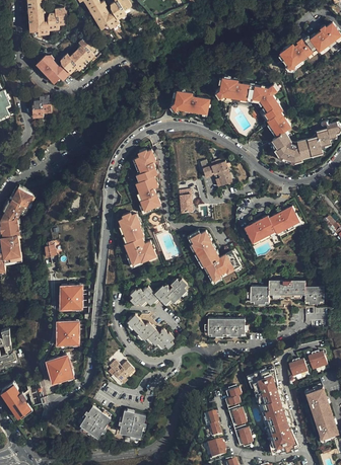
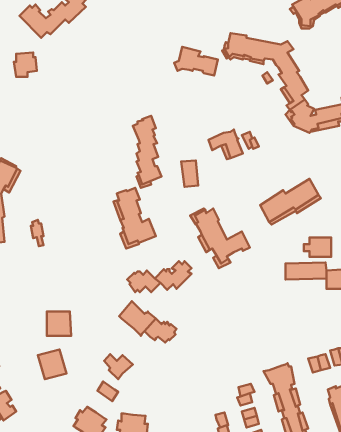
building: [55,286,82,307] -> none
building: [246,286,270,303] -> [304,237,331,257]
building: [204,317,248,334] -> none

